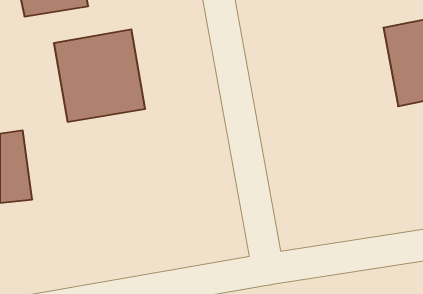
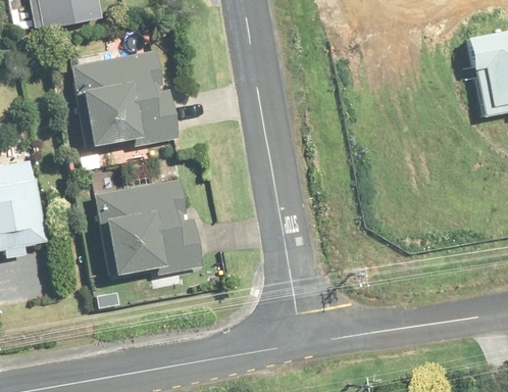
building: none -> [88,180,196,282]

